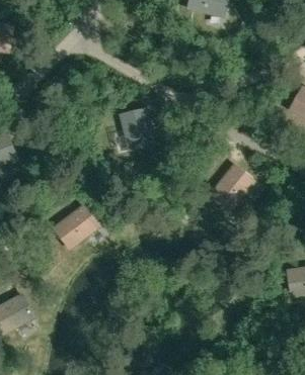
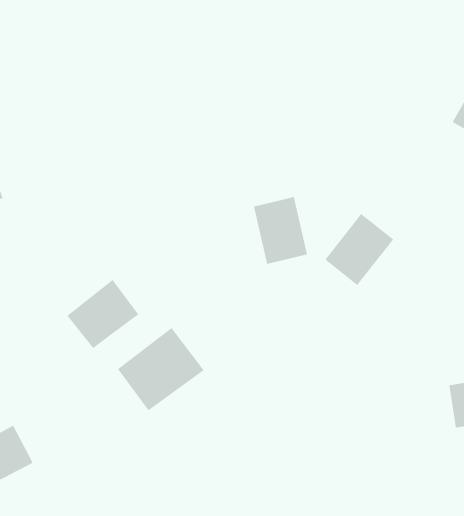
building: [120,108,153,150] -> [253,197,308,264]
building: none -> [117,327,204,411]

